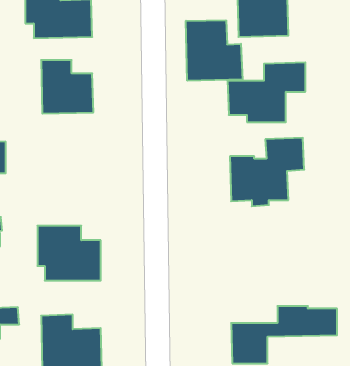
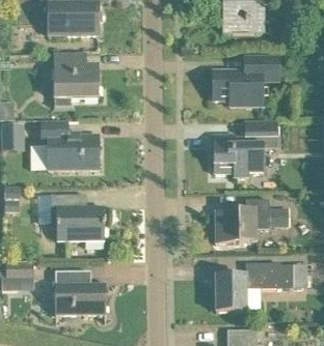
building: [186,20,242,81] -> none
building: none -> [39,120,99,170]
building: none -> [215,198,289,242]

